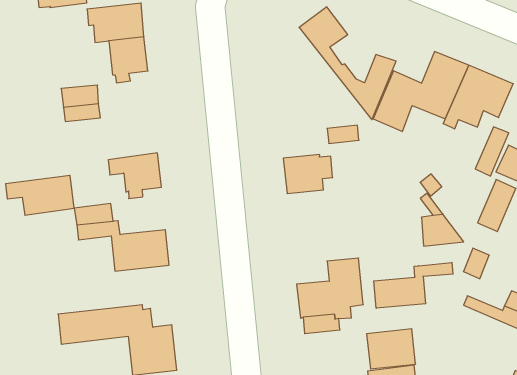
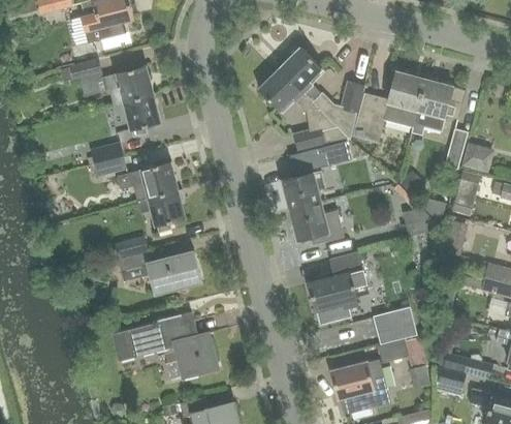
building: none -> [259,68,352,152]
building: [6,175,74,215] -> [118,162,178,201]
building: none -> [290,201,344,244]
building: [374,262,453,308] -> none

